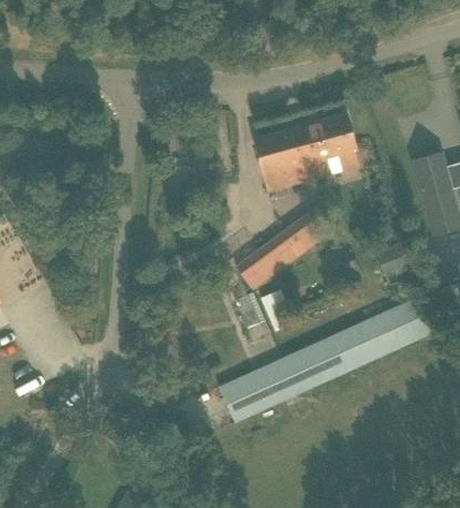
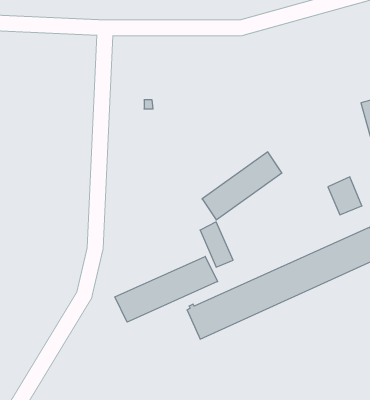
building: [253,113,359,190] -> none
building: none -> [115,256,218,322]

